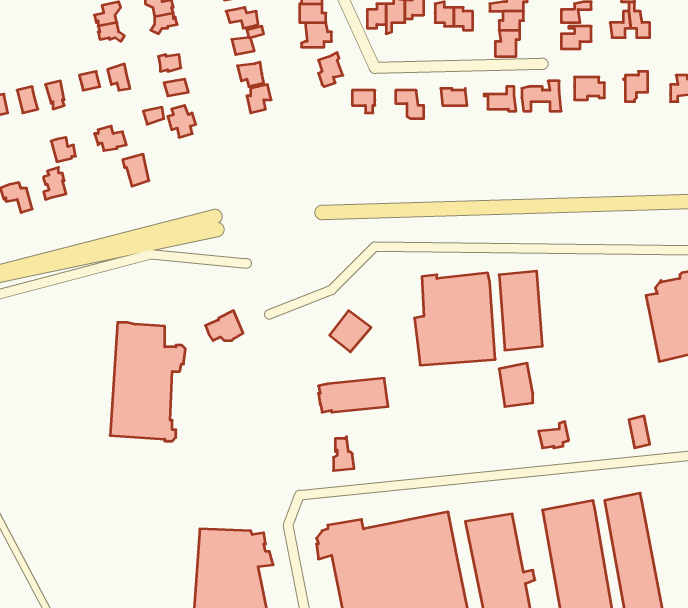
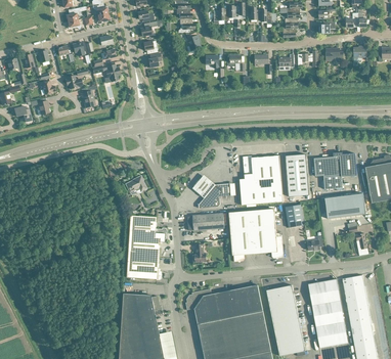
building: none -> [313,151,356,188]
building: [110,322,185,441] -> [125,215,166,279]
building: none -> [198,183,230,208]
building: none -> [324,193,365,218]
building: none -> [228,208,283,261]

